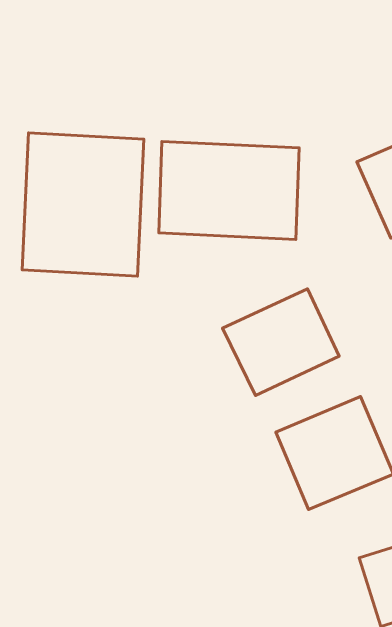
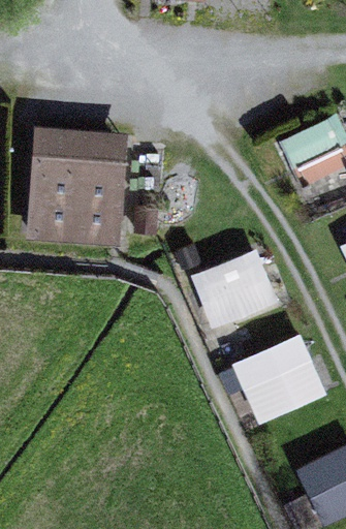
building: [159,142,299,239] -> none

